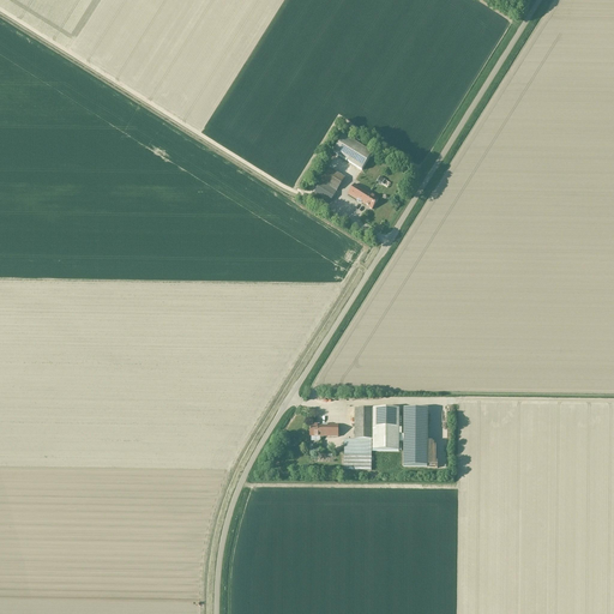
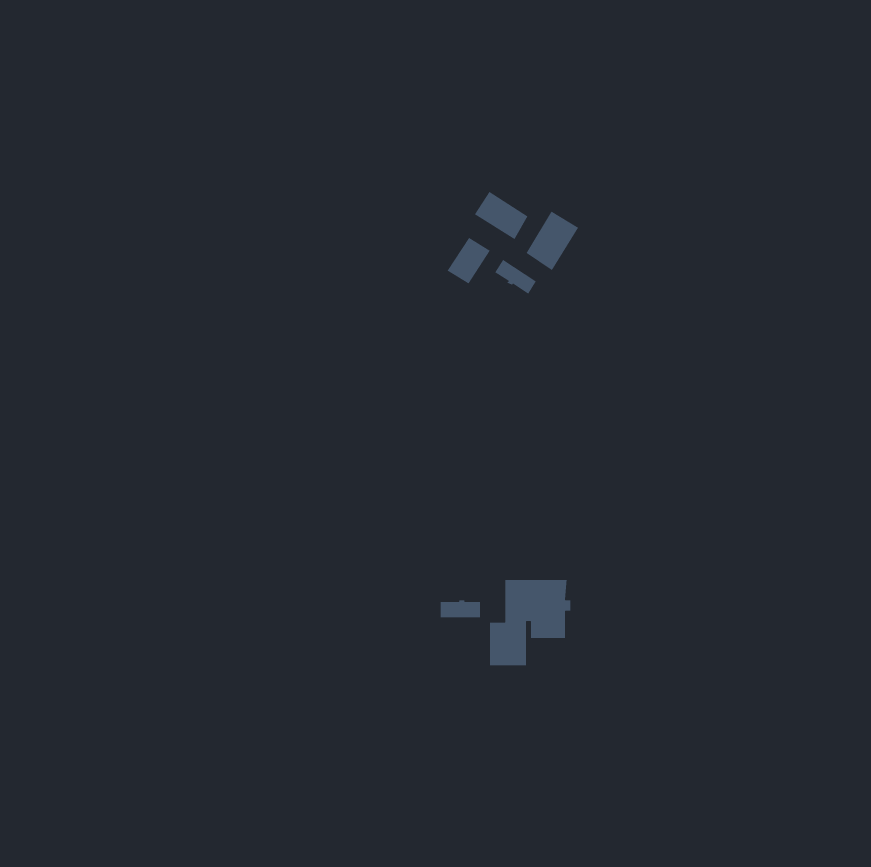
building: none -> [526,210,579,271]
building: [398,408,427,465] -> none

